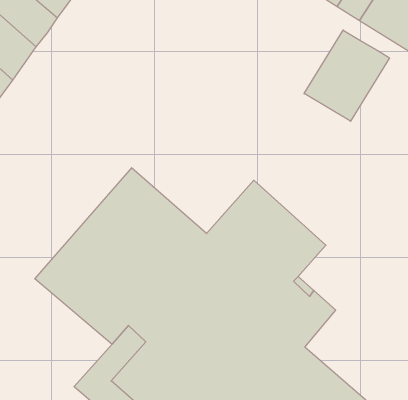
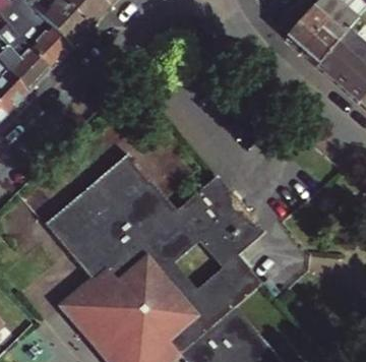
building: [304,30,390,121] -> none

